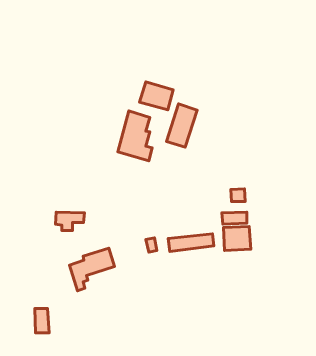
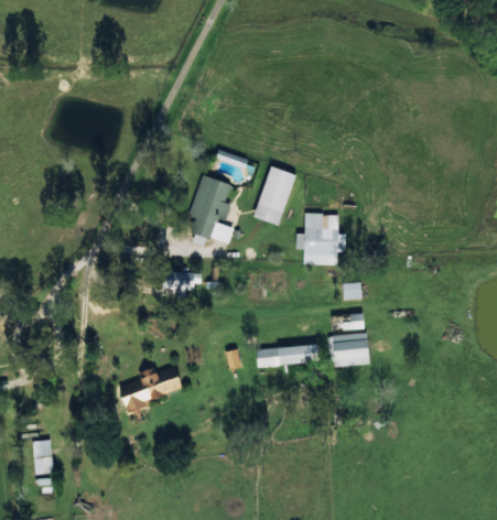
building: [140,82,173,110] -> none
building: none -> [295,214,346,266]
building: [56,212,84,231] -> [162,272,202,297]
building: [35,309,49,333] -> [33,441,53,474]

